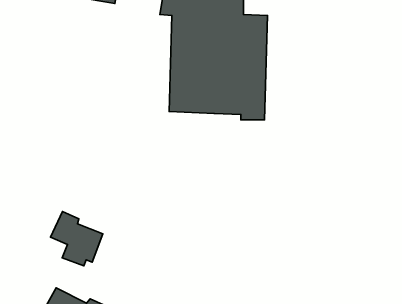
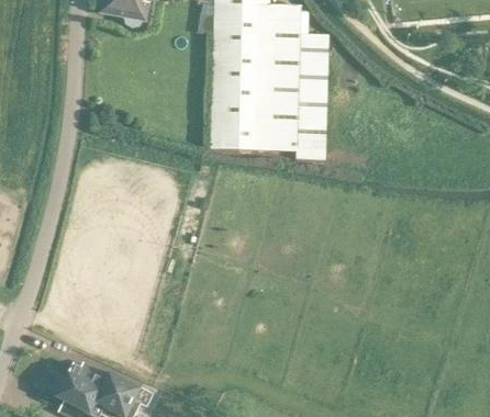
building: [51,212,103,266] -> none

